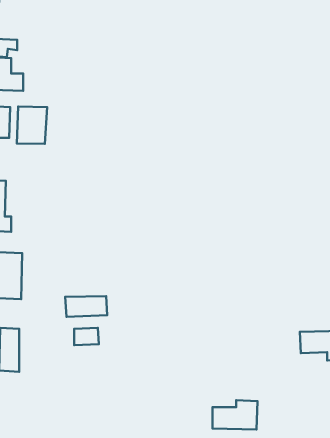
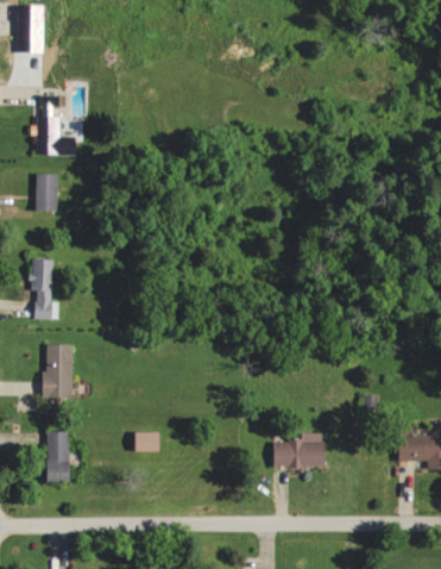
building: [17,106,47,144] -> none
building: [65,296,107,317] -> none
building: [213,400,258,430] -> [273,432,326,467]

